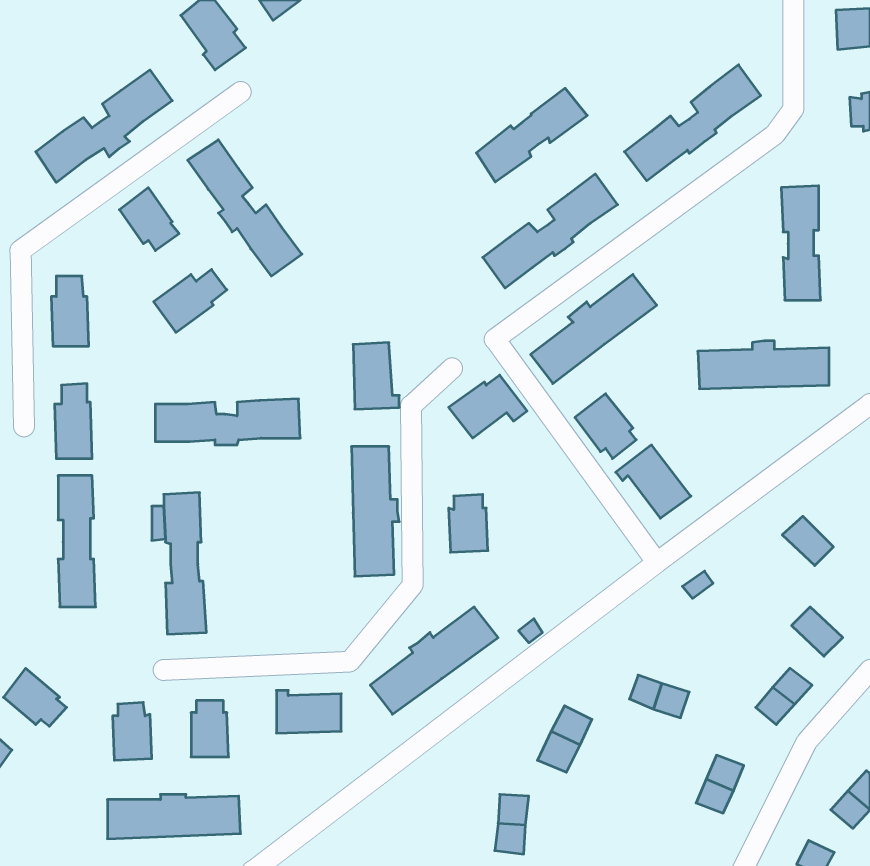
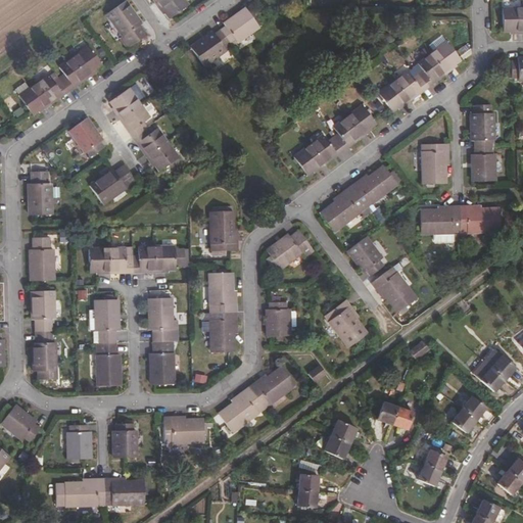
building: [476,88,587,182] -> [188,8,254,64]
building: none -> [420,144,446,185]
building: none -> [147,296,171,382]
building: none -> [327,297,370,345]
building: [782,516,833,566] -> [485,355,516,385]

